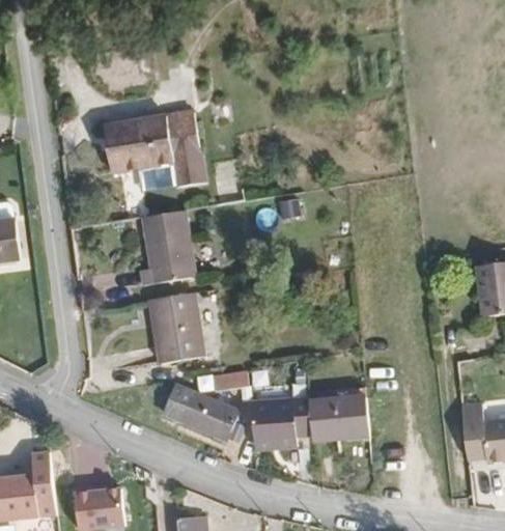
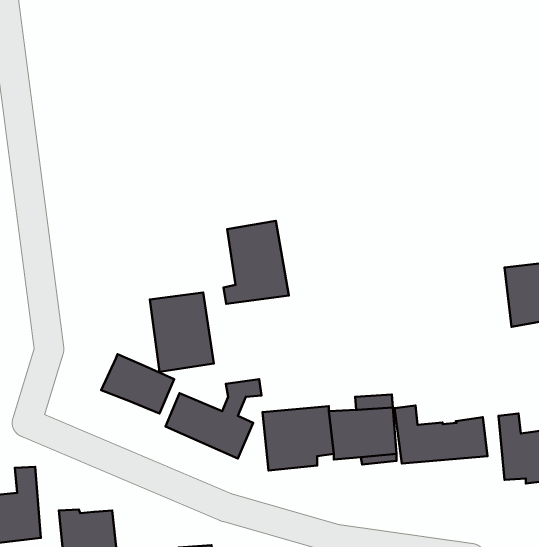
building: [110,116,209,192] -> none
building: [141,214,198,286] -> [224,221,289,304]
building: none -> [101,354,174,414]
building: none -> [395,406,487,463]

